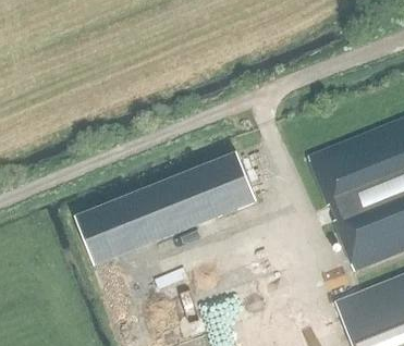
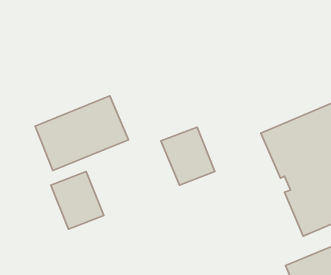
building: [113,165,217,248] -> [35,96,128,170]

